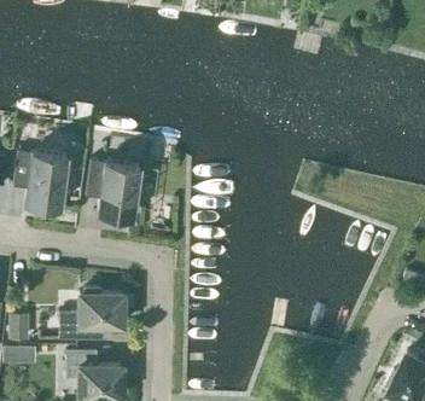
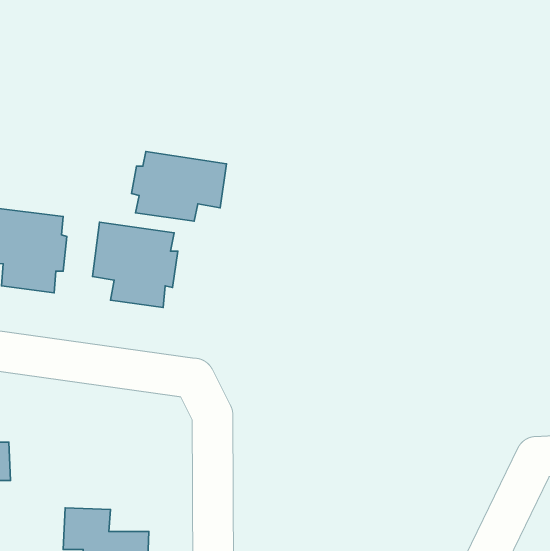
building: none -> [131,152,226,221]
building: [59,290,124,341] -> none

